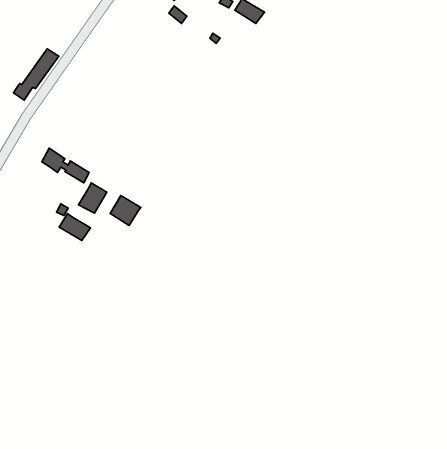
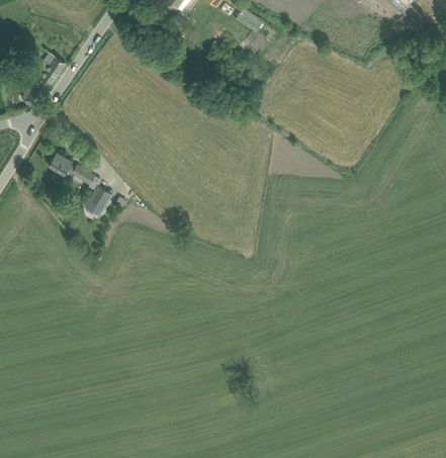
building: [110,196,141,226] -> none
building: [59,214,91,241] -> none

